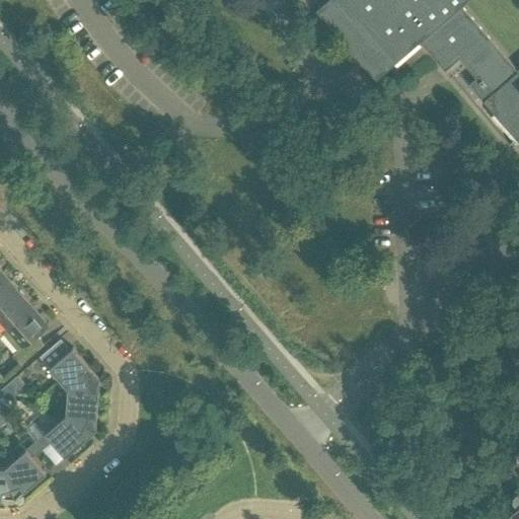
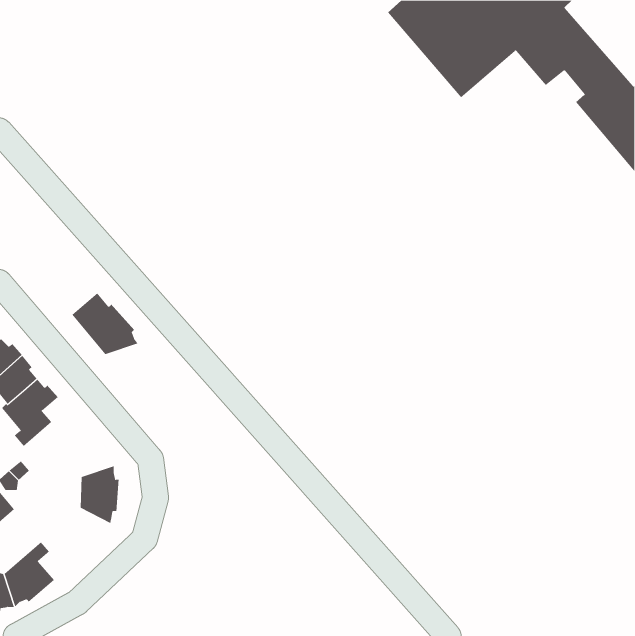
building: [39,338,93,388] -> [71,292,139,355]
building: [33,414,90,456] -> none

